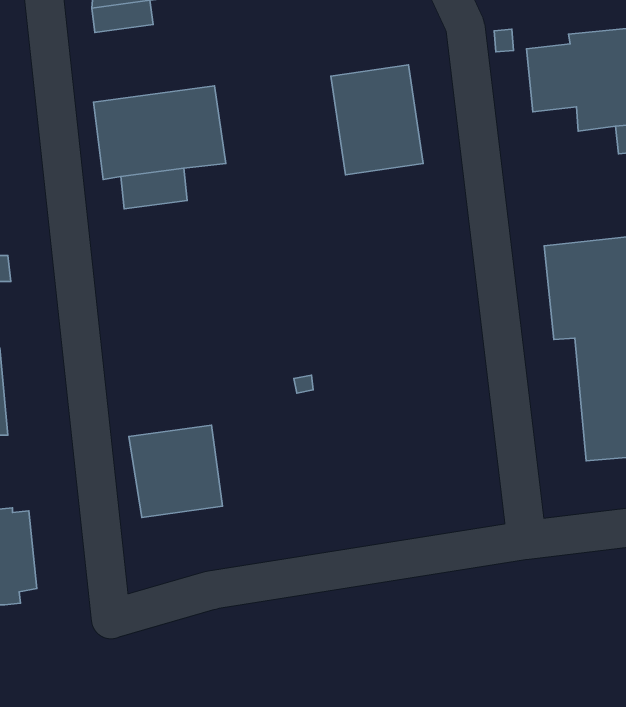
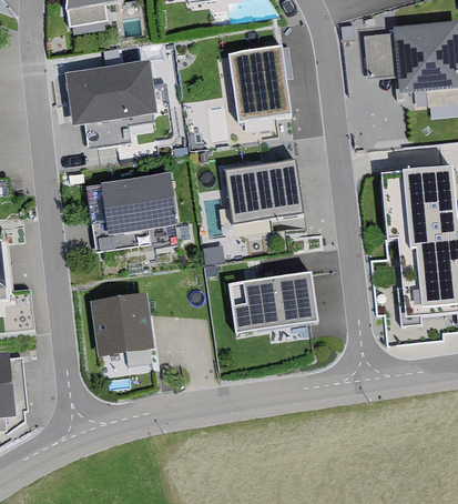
building: none -> [223,159,304,224]
building: none -> [85,173,177,250]
building: none -> [228,272,318,332]

